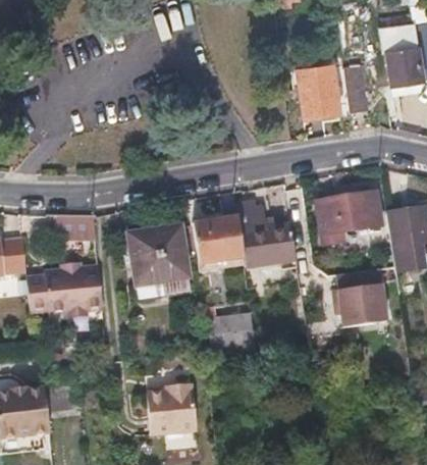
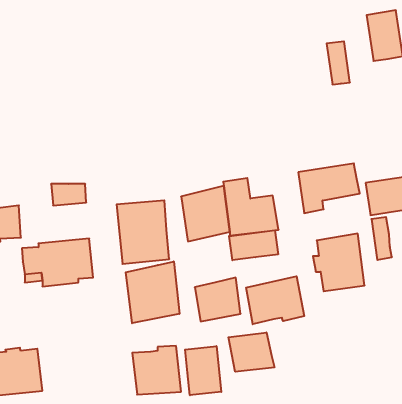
building: [300,62,341,114] -> none
building: none -> [229,230,278,260]
building: none -> [126,261,179,323]
building: none -> [246,276,304,324]
building: none -> [228,332,274,372]
building: none -> [185,346,221,395]

